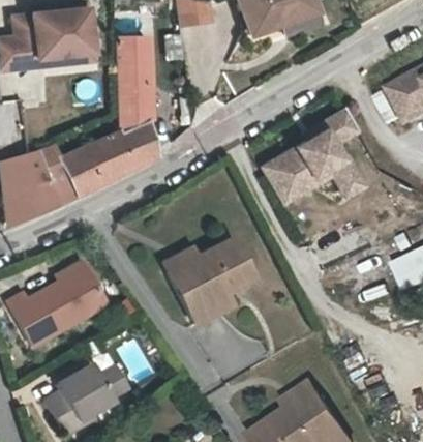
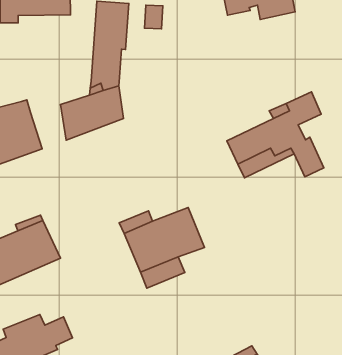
building: [60,146,99,194] -> none

